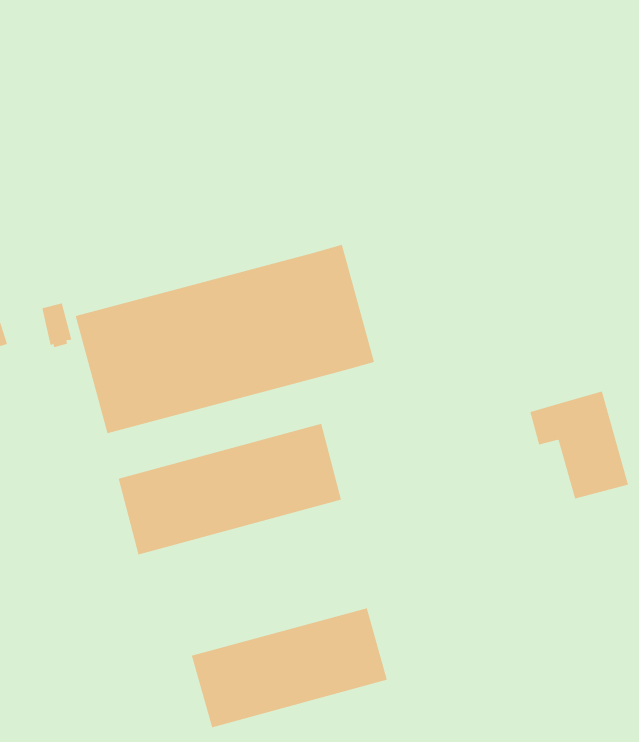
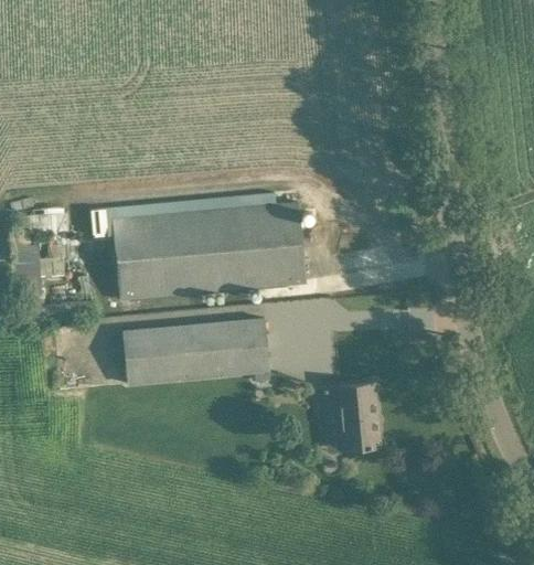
building: [529,391,629,499] -> [324,382,382,450]
building: [191,607,388,728] -> none

